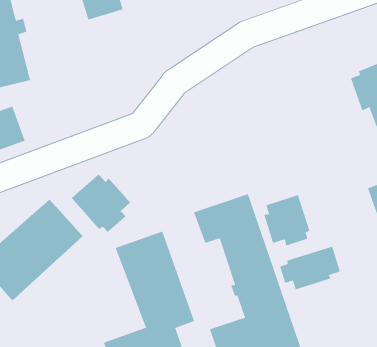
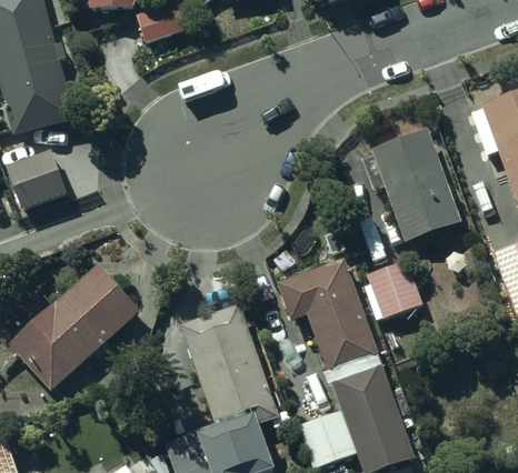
building: none -> [359,119,464,242]
building: [71,174,131,233] -> none
building: [279,246,341,290] -> none

